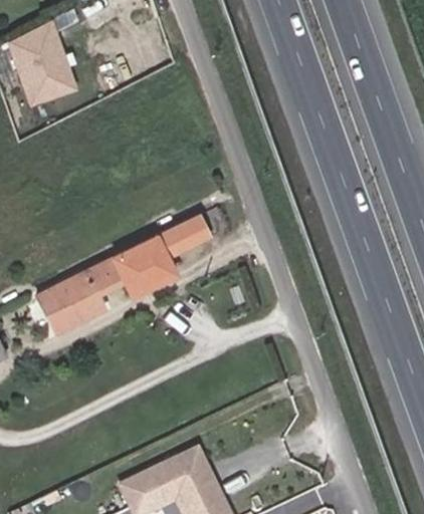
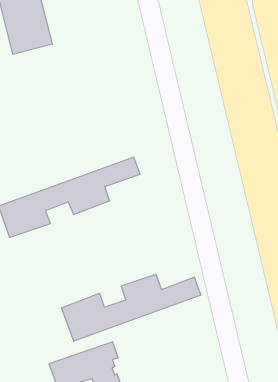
building: none -> [62,274,201,341]

